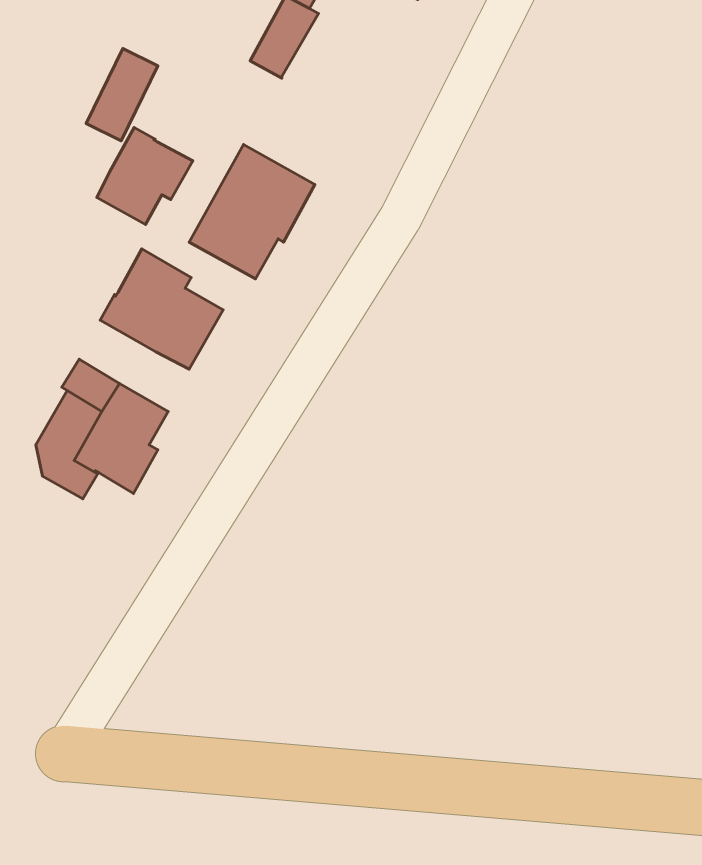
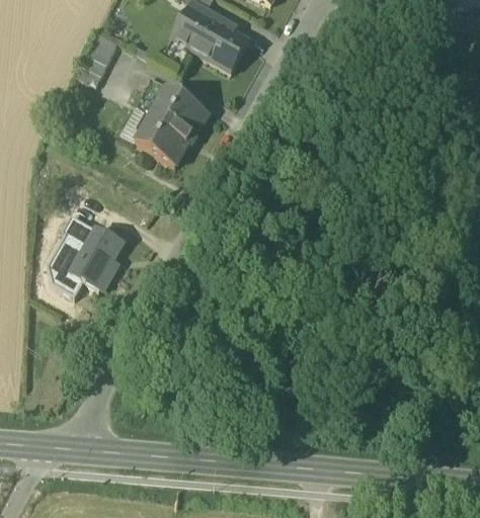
building: none -> [190,9,249,69]
building: [97,128,193,225] -> none
building: [100,249,223,369] -> none

